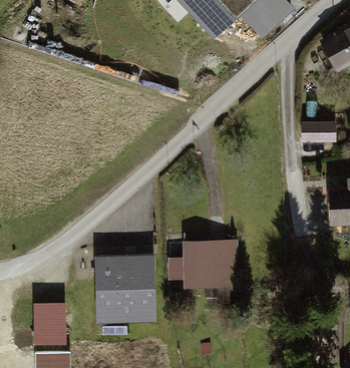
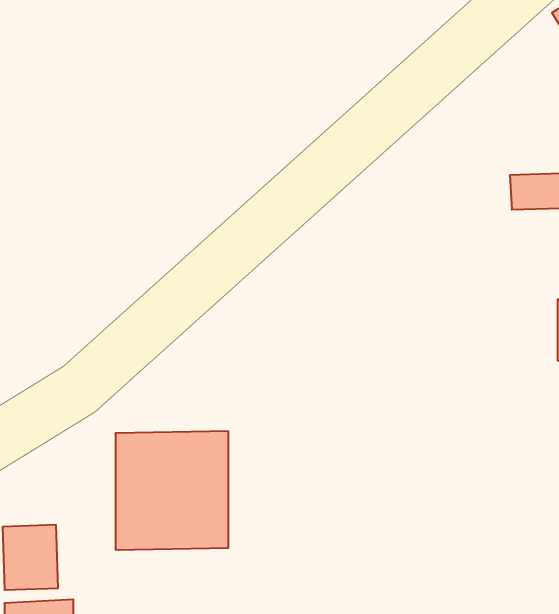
building: [185,243,239,290] -> none

